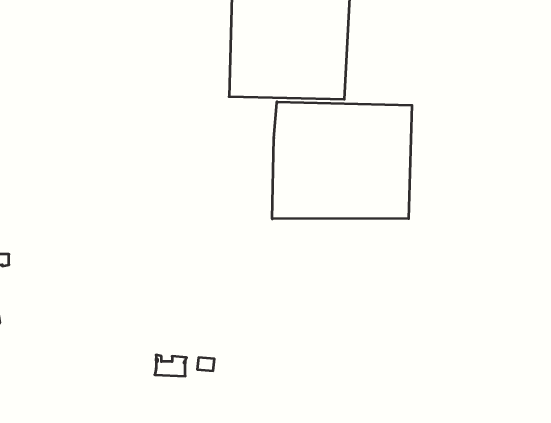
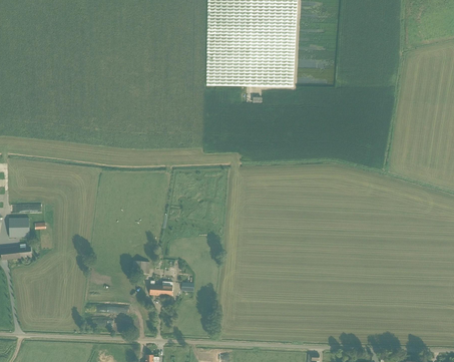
building: [272,102,412,219] -> none

